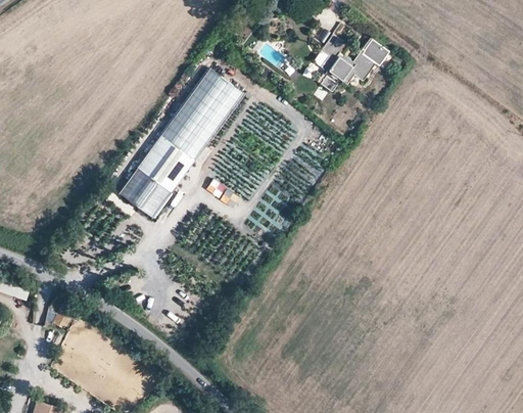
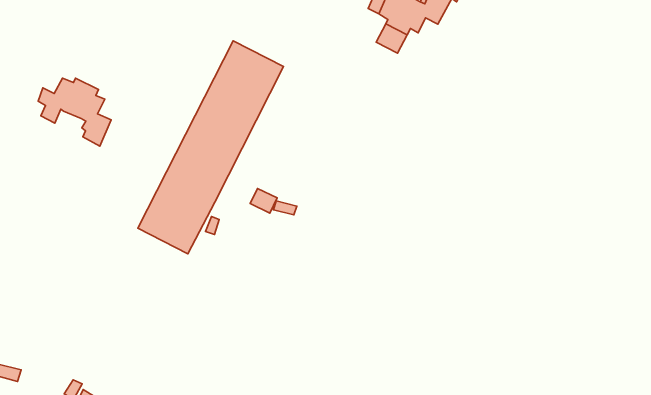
building: none -> [38,78,111,146]

